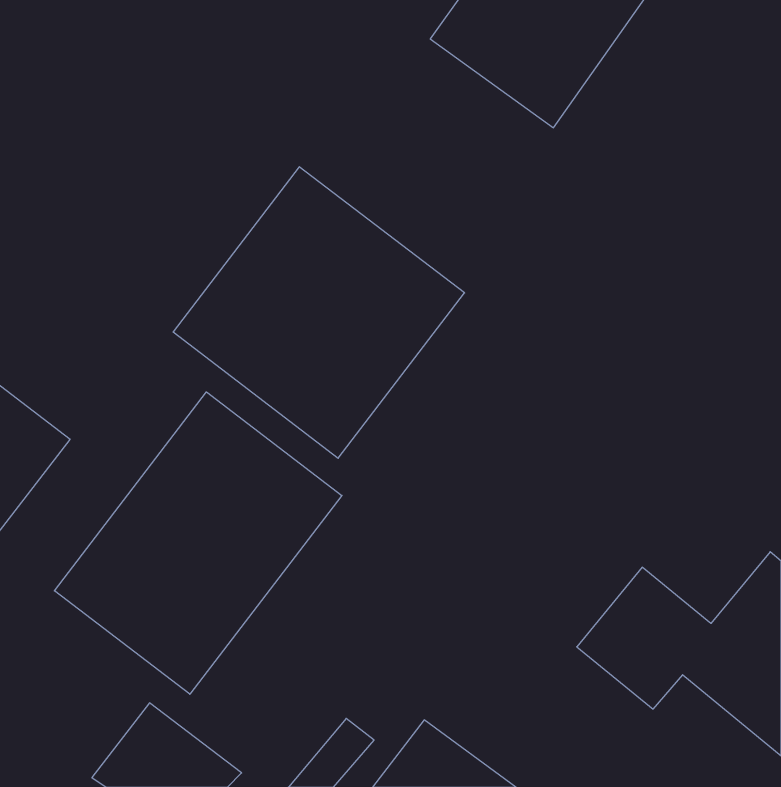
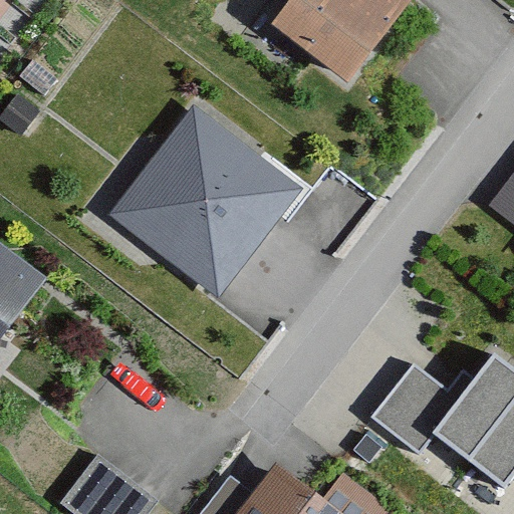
building: [54,392,342,694] -> none

